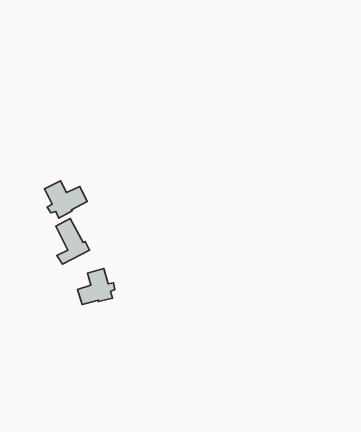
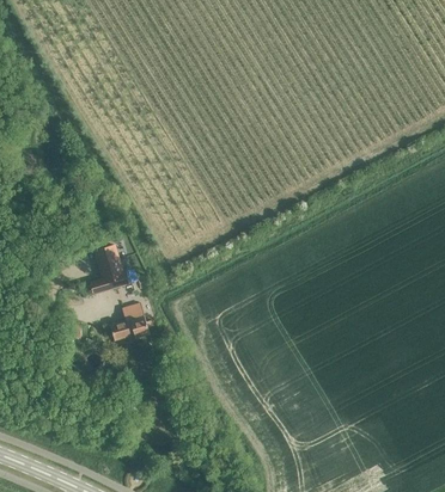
building: [45,181,87,218] -> none

